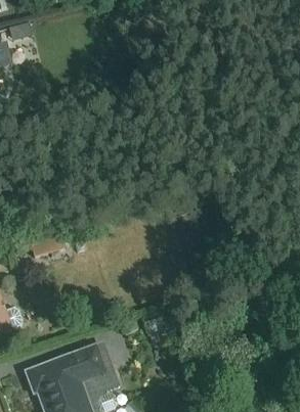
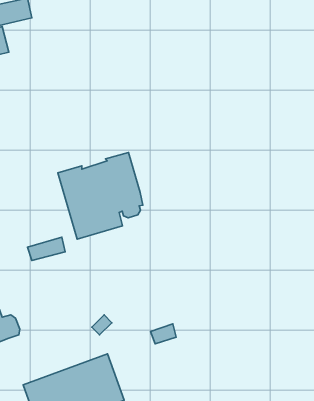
building: none -> [58,152,143,239]

